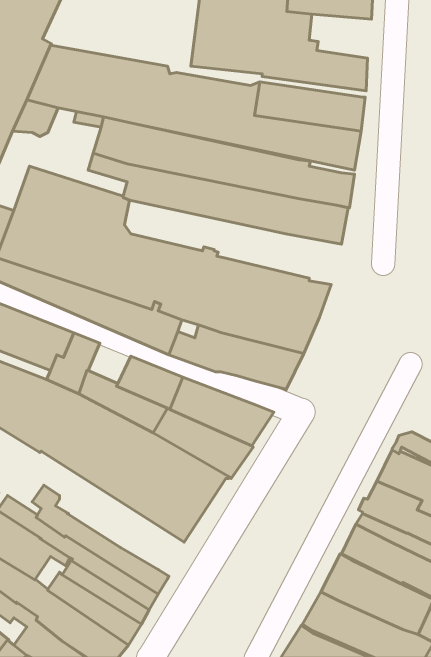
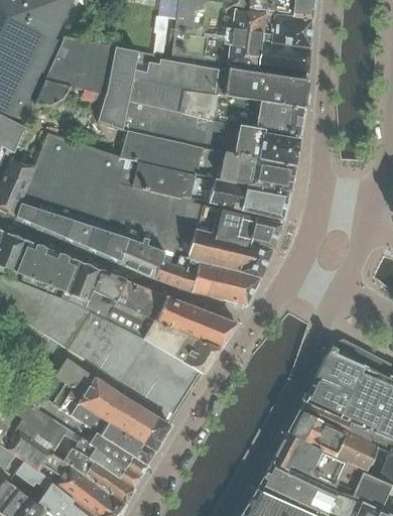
building: none -> [264,15,312,49]
building: none -> [121,159,289,221]
building: none -> [93,270,126,301]
building: none -> [45,354,170,450]

